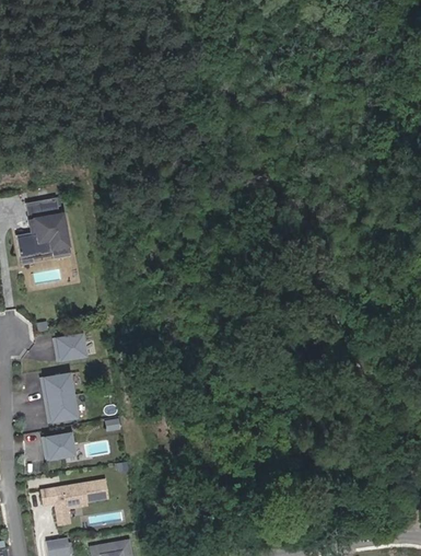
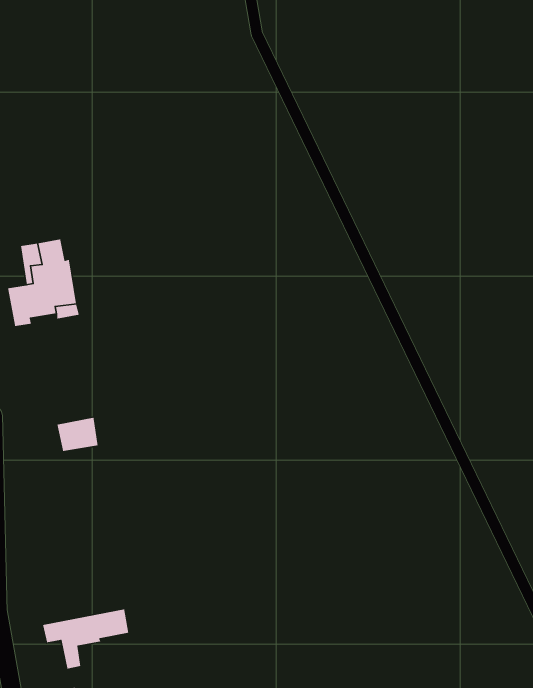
building: [40,372,77,420] -> none
building: [43,431,74,459] -> none

